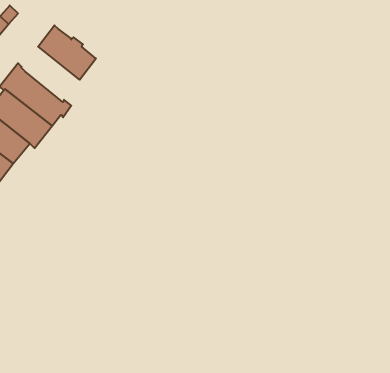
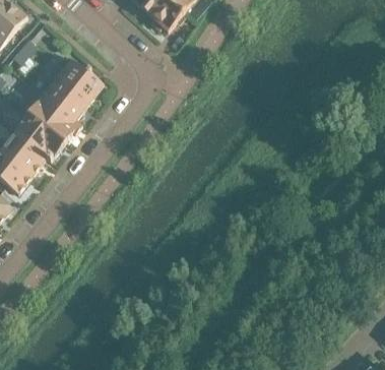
building: none -> [40,74,89,122]

